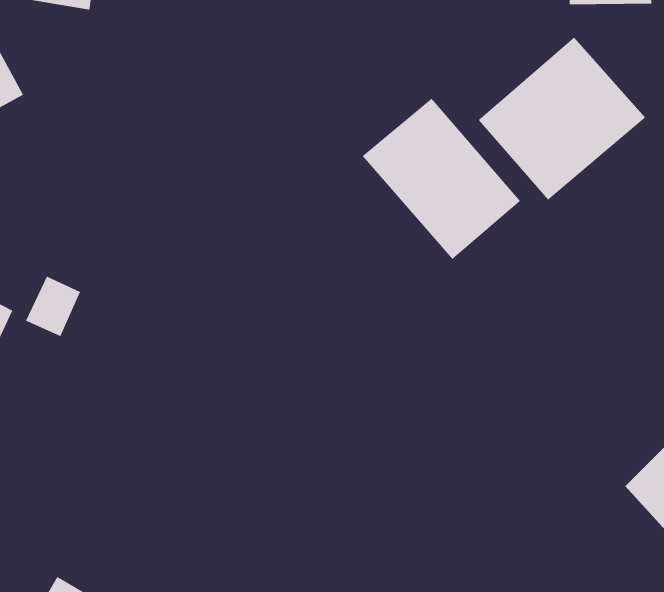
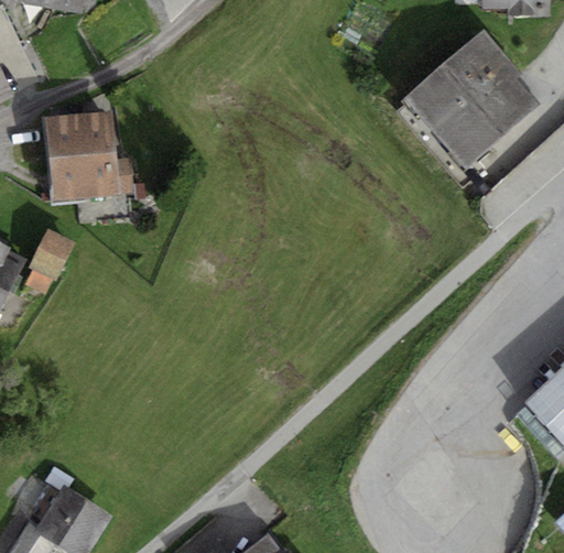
building: [362,98,521,260] -> none
building: none -> [44,112,133,199]

